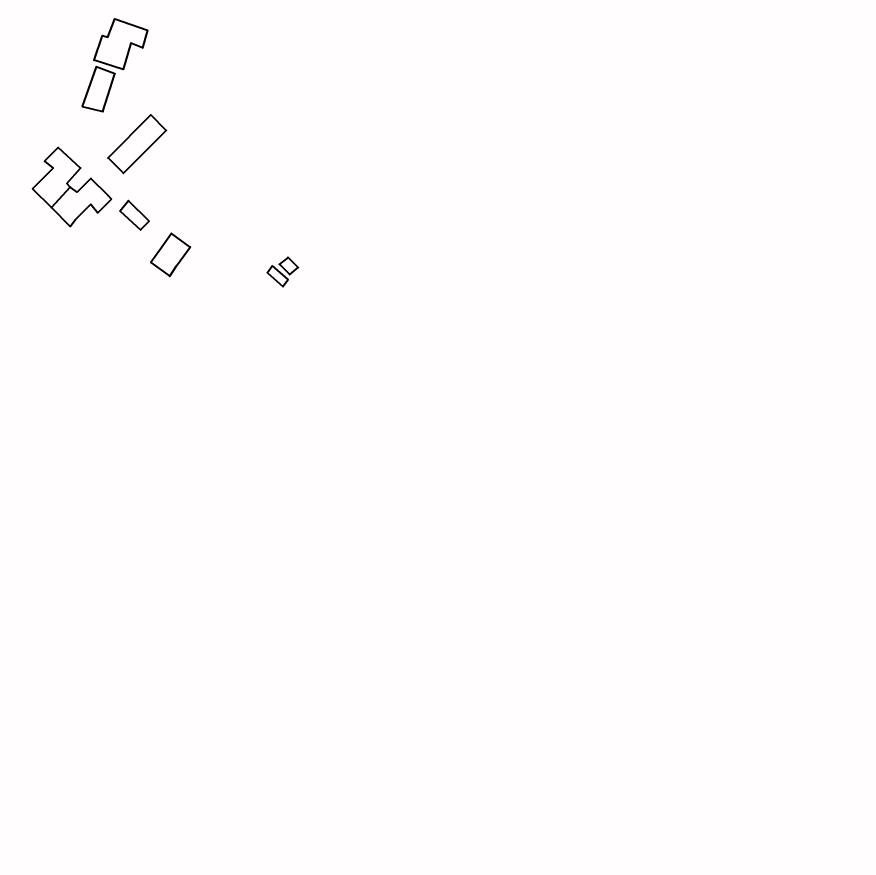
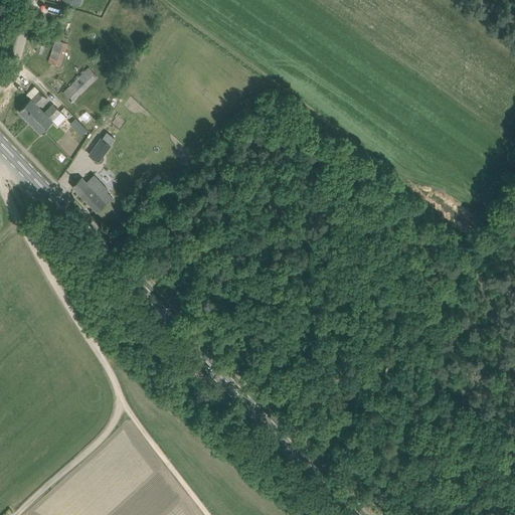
building: [94,19,148,69] -> none
building: none -> [72,178,113,212]

